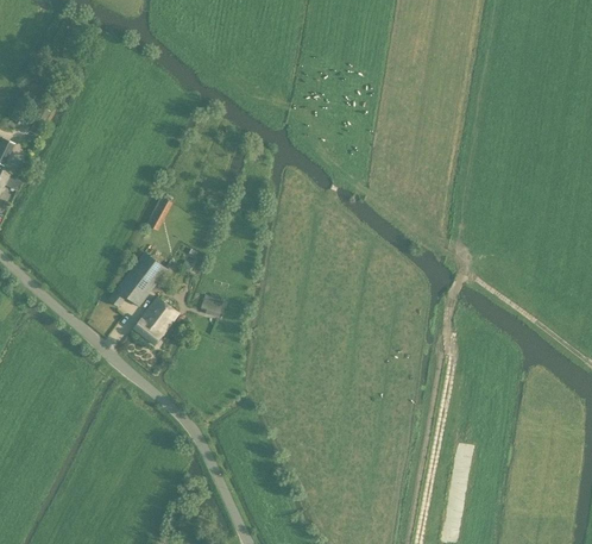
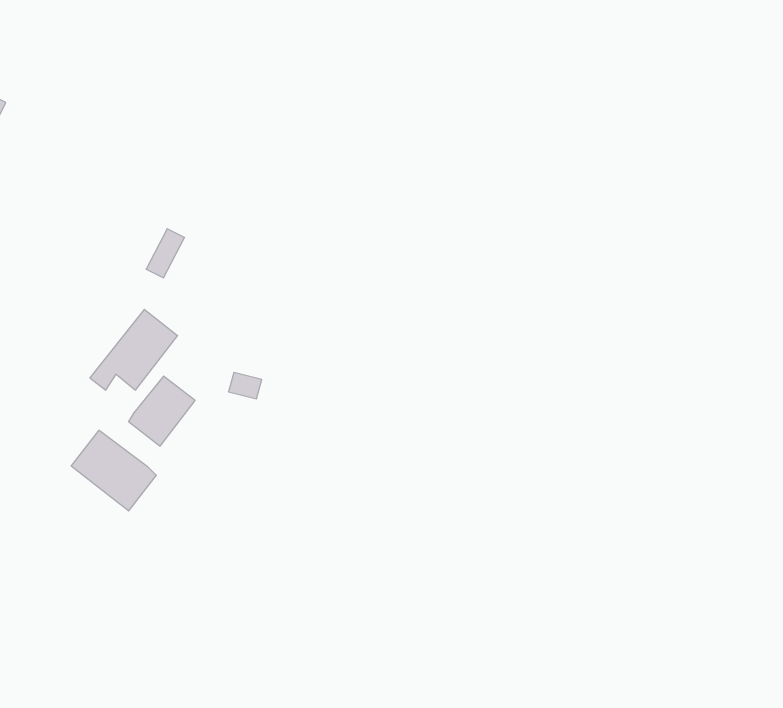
building: none -> [71,430,156,511]

